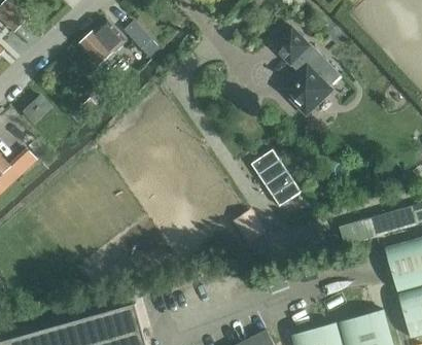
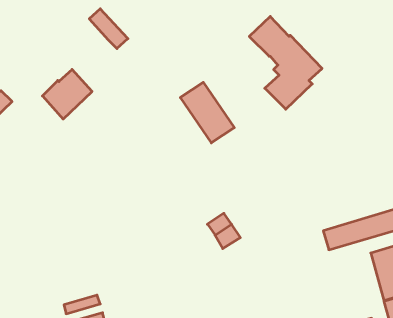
building: [79,21,126,67] -> [42,69,92,119]
building: [250,150,301,207] -> [180,82,234,143]

